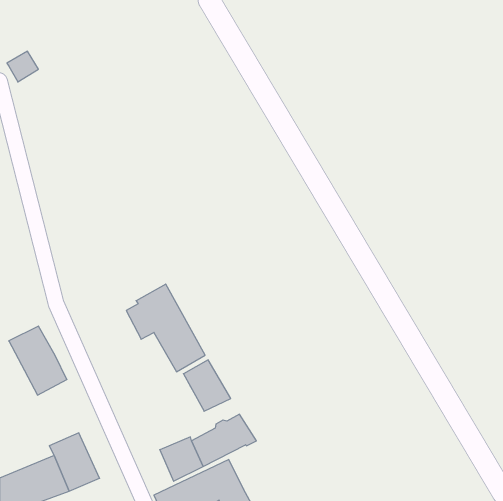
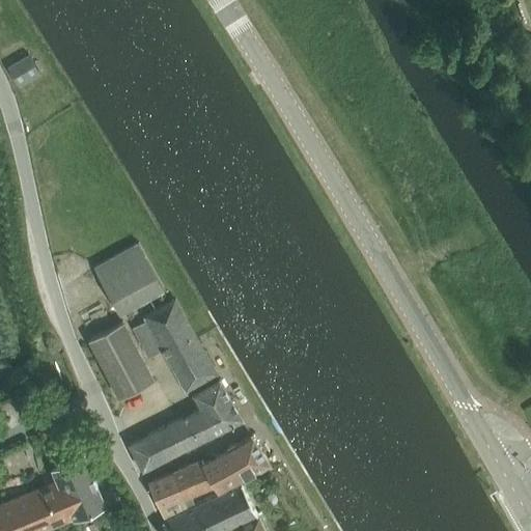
building: none -> [93,245,163,315]
building: [9,326,67,395] -> [89,327,150,399]
building: none -> [129,410,215,473]
building: none -> [149,476,183,519]

